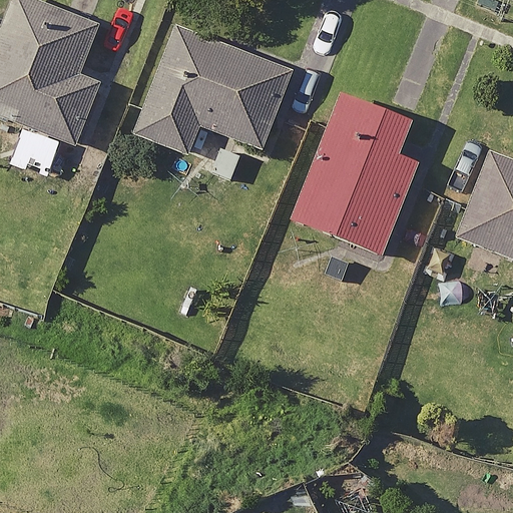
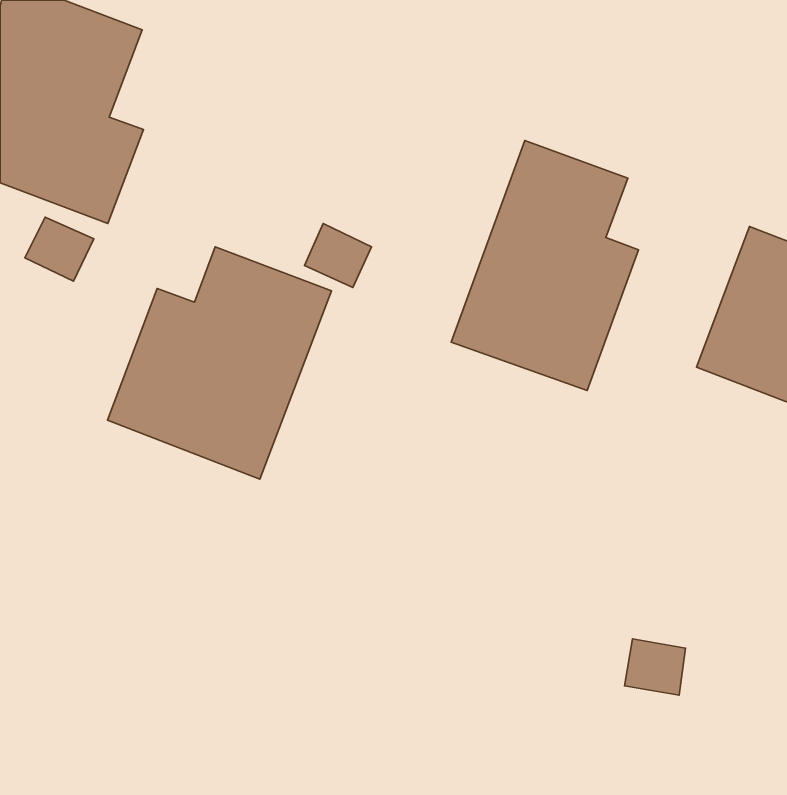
building: [130,22,295,156] -> none
building: none -> [107,247,332,479]

